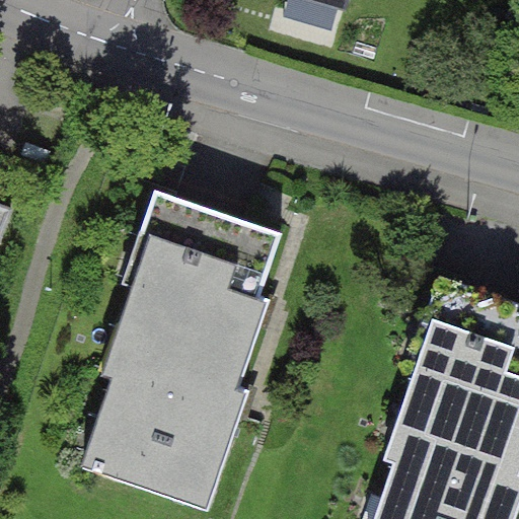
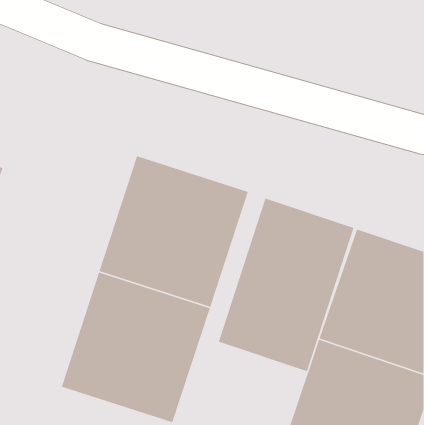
building: none -> [218,198,355,372]

